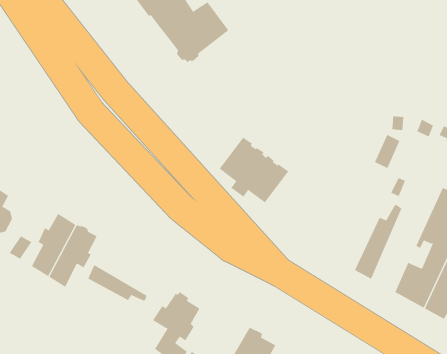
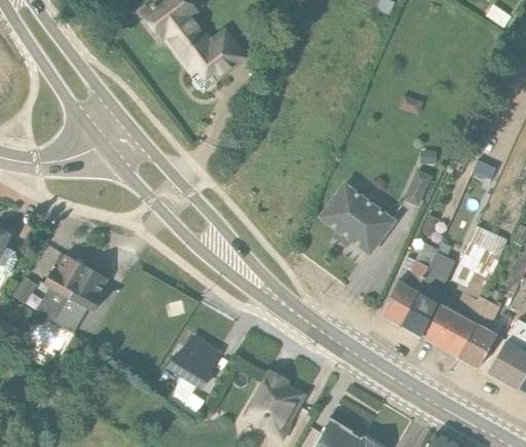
building: [219,137,289,203] -> [321,183,396,254]
building: none -> [401,251,454,335]
building: [87,264,147,301] -> none

